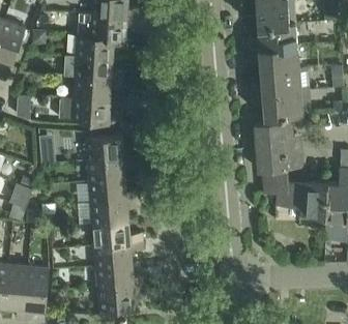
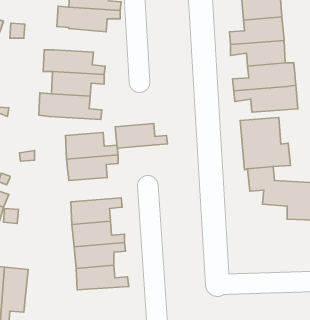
building: [75,33,125,58] -> none
building: [89,179,140,203] -> [115,124,168,148]
building: [97,285,147,311] -> none

